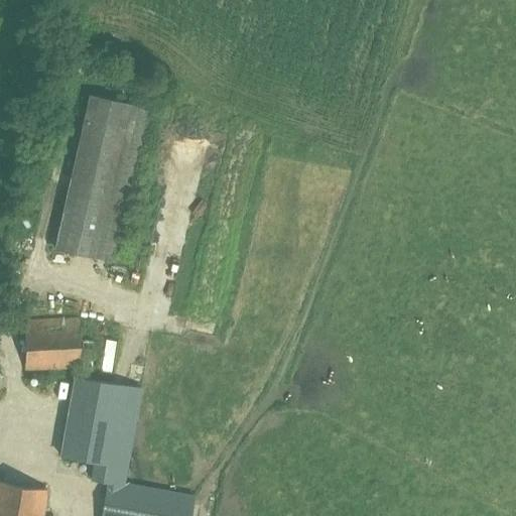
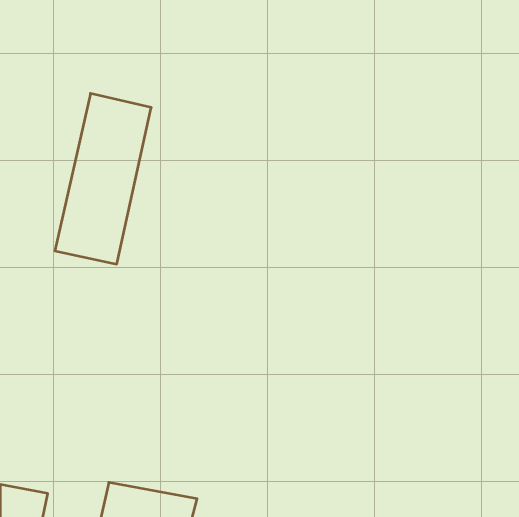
building: [25,318,80,373] -> none
building: [59,377,143,470] -> none

